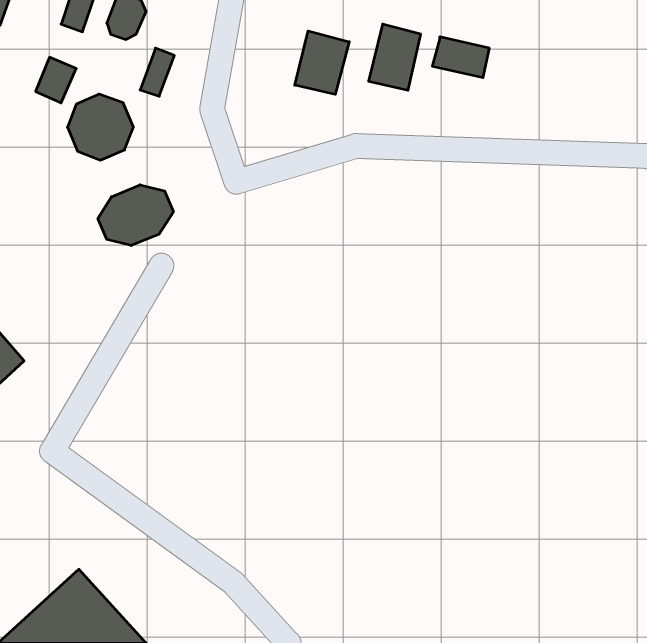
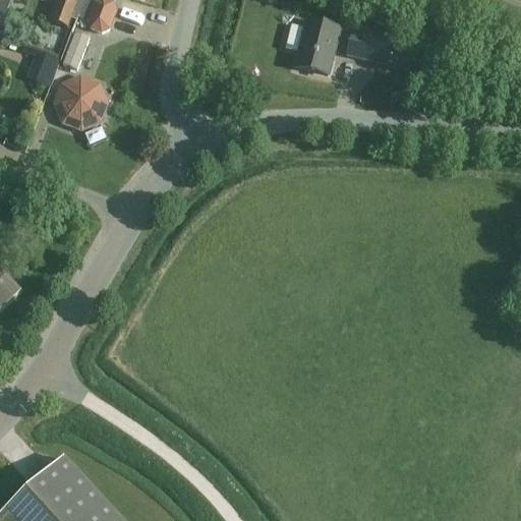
building: [295,31,349,94] -> none
building: [140,48,174,96] -> [61,30,89,68]
building: [98,185,173,246] -> none

